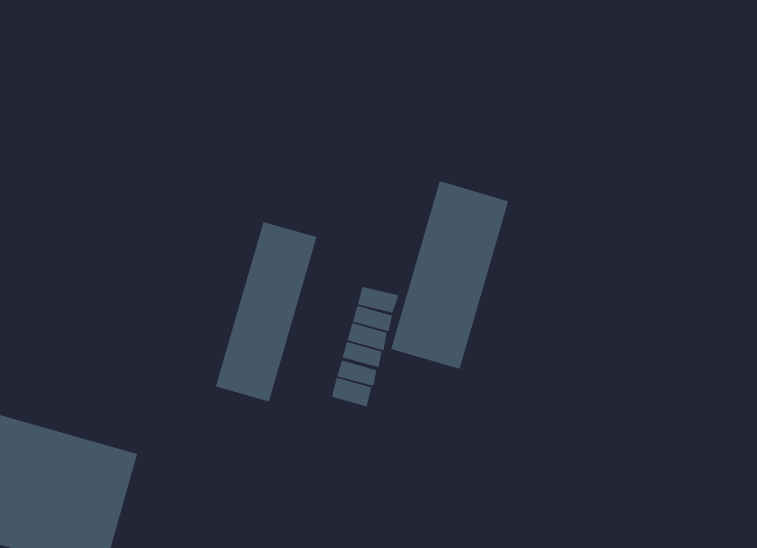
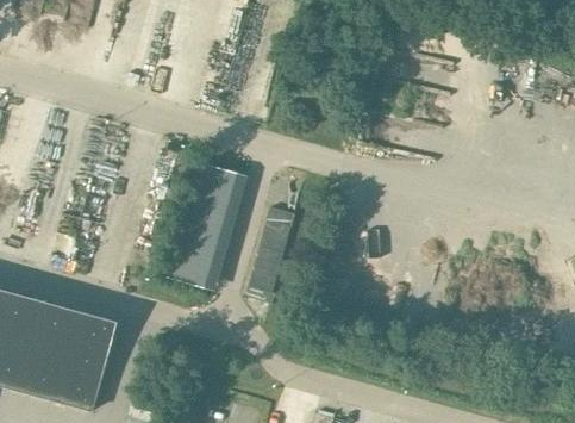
building: [390,180,509,370] -> none

